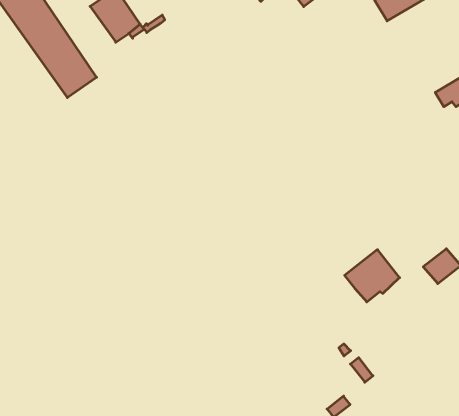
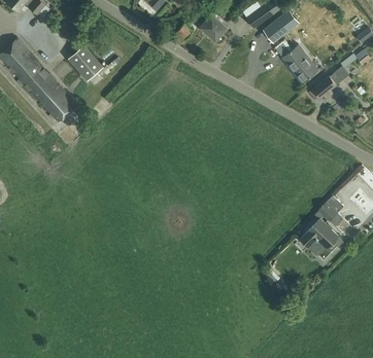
building: none -> [280,44,317,82]
building: [345,250,400,302] -> [299,218,337,255]

